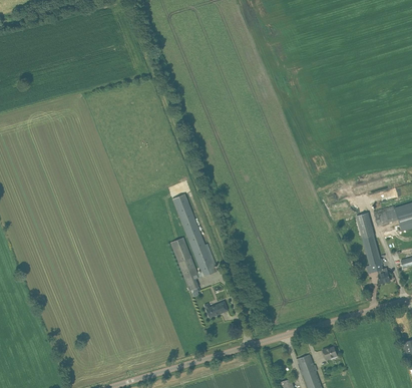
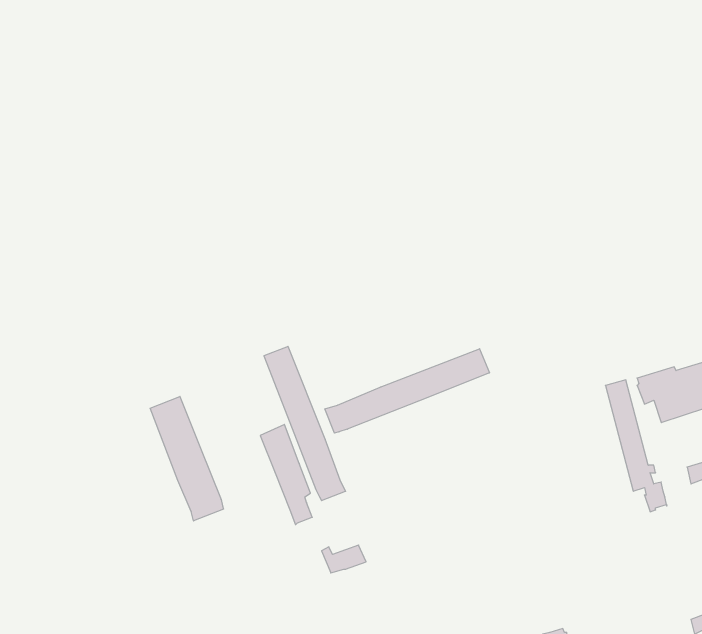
building: none -> [325,349,489,433]
building: none -> [150,396,223,521]

